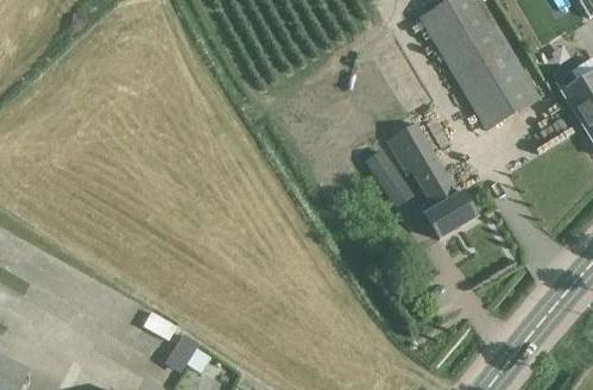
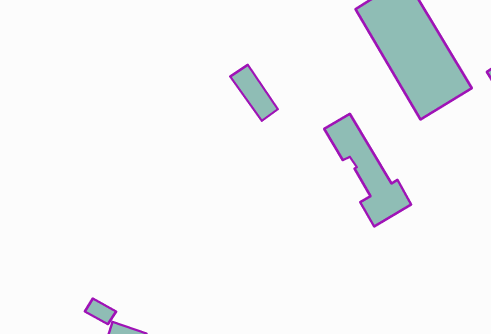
building: [364,150,412,207] -> [230,65,278,121]

